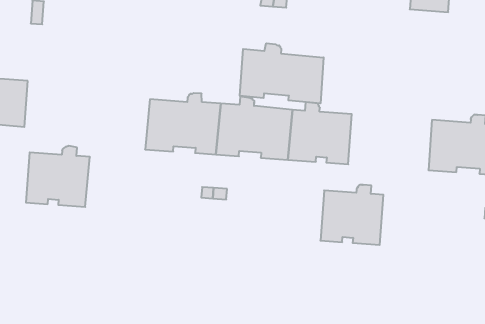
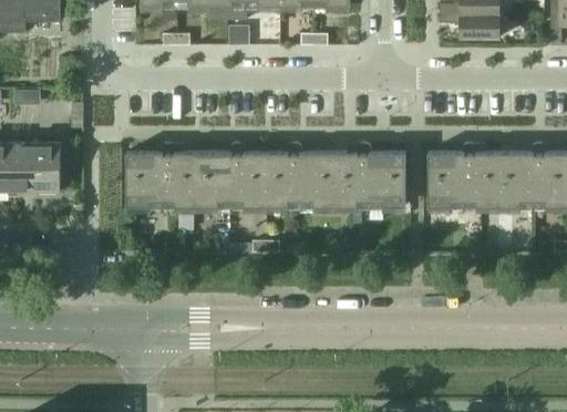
building: [240,43,324,103] -> none
building: [26,146,90,207] -> [126,144,190,207]
building: [320,185,383,245] -> [427,145,491,207]

